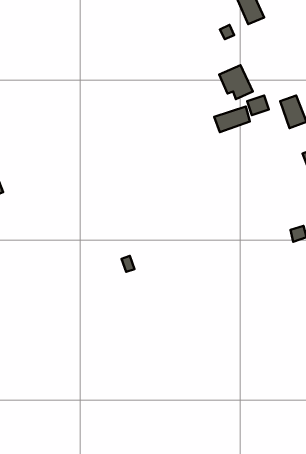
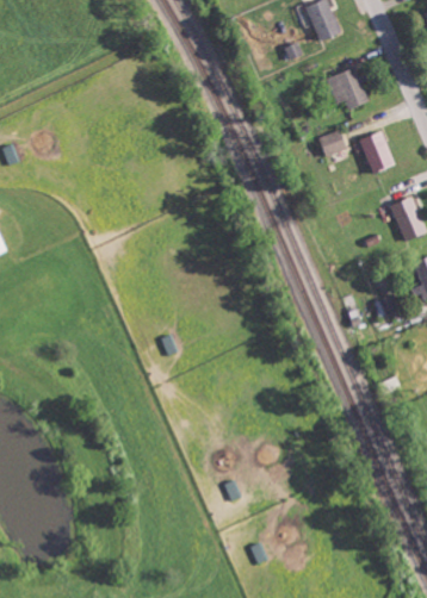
building: [219,65,253,99] -> [326,67,369,110]
building: [214,106,250,132] -> none

